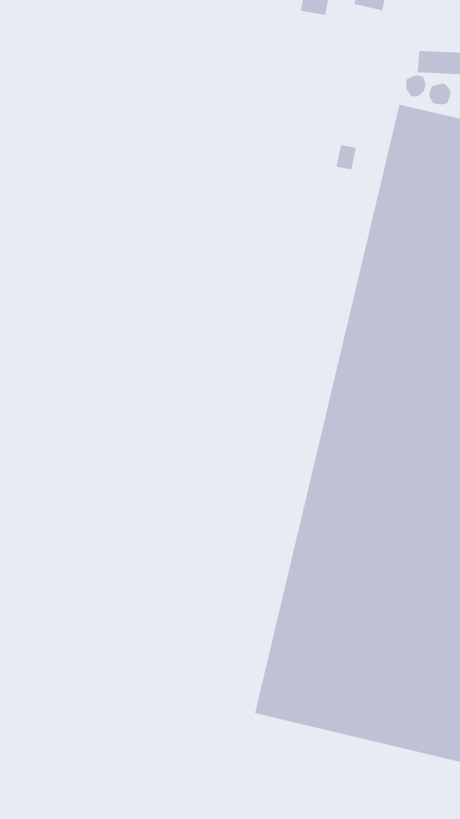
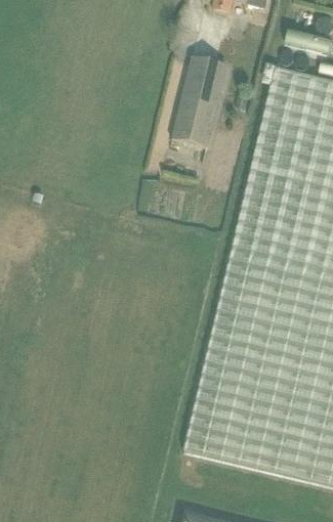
building: none -> [170,55,226,146]

